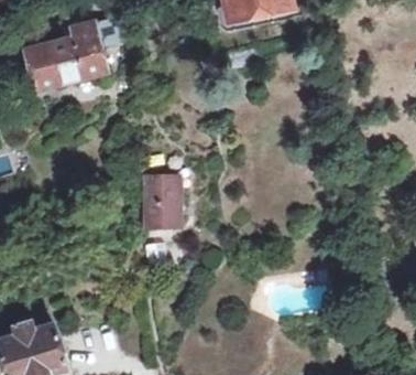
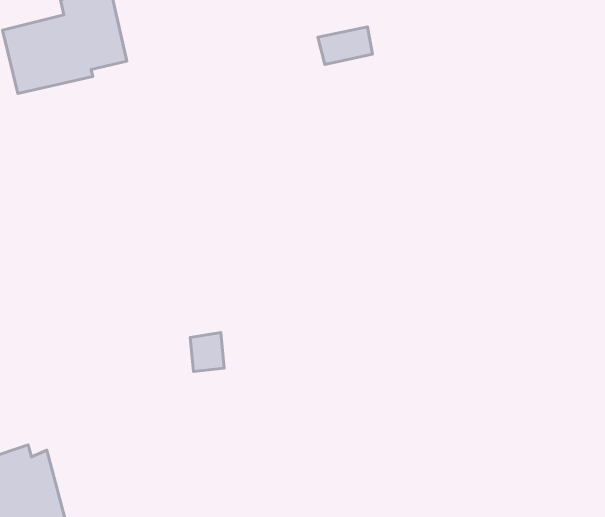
building: [142,174,180,225] -> none

